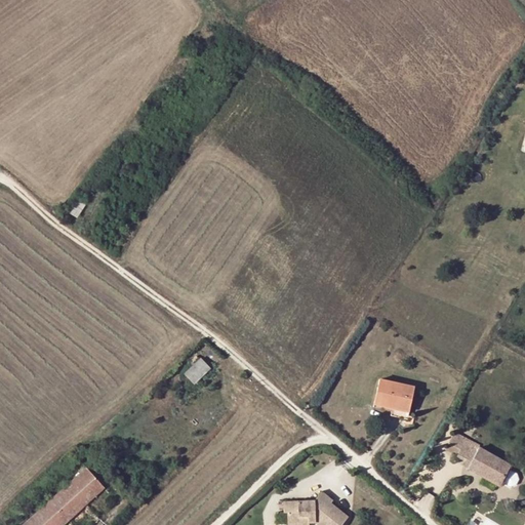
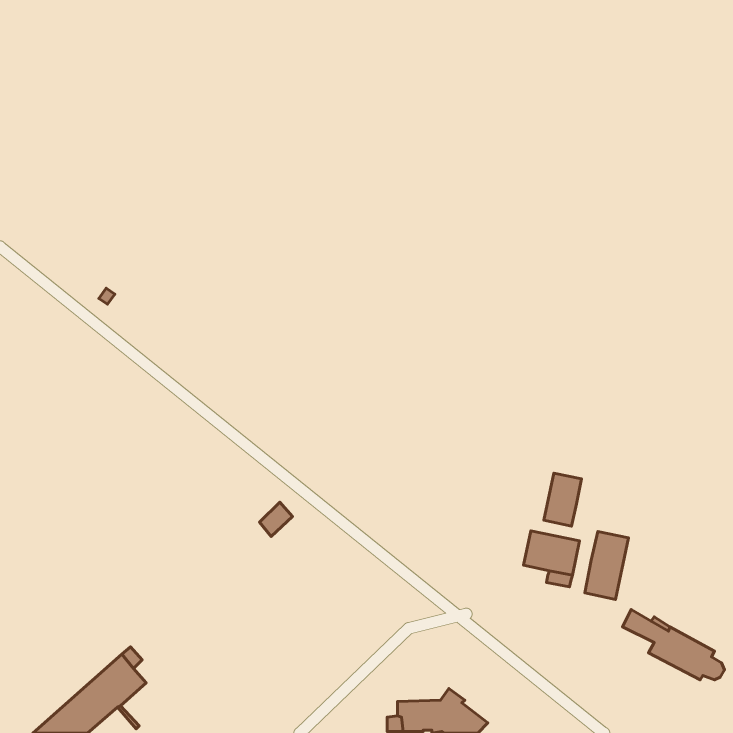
building: none -> [544,473,582,526]
building: none -> [585,531,628,599]

